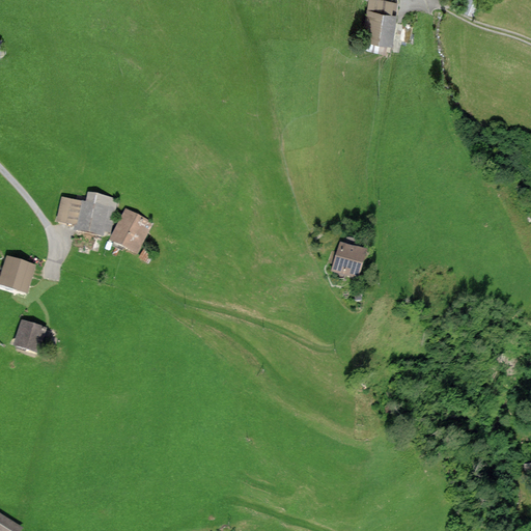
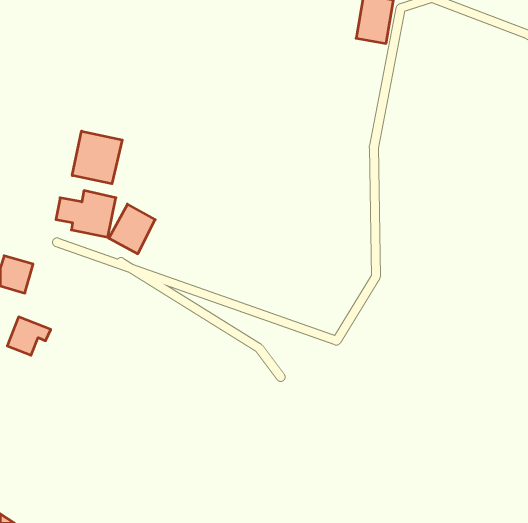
building: none -> [72,131,122,184]
building: [333,240,368,276] -> none

